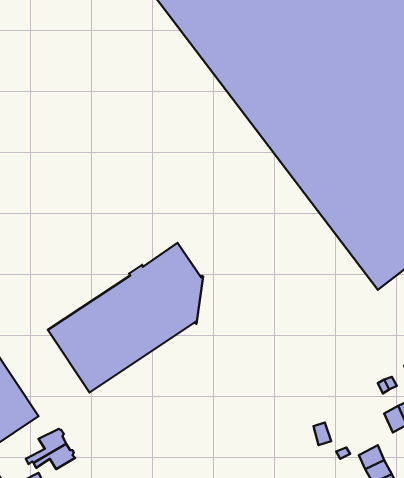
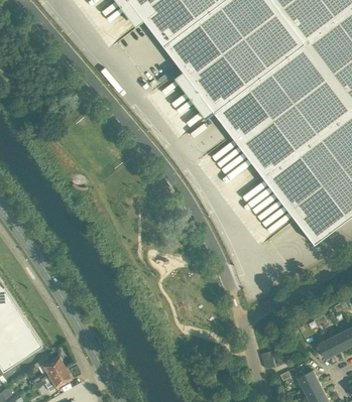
building: [48,243,203,393] -> none

